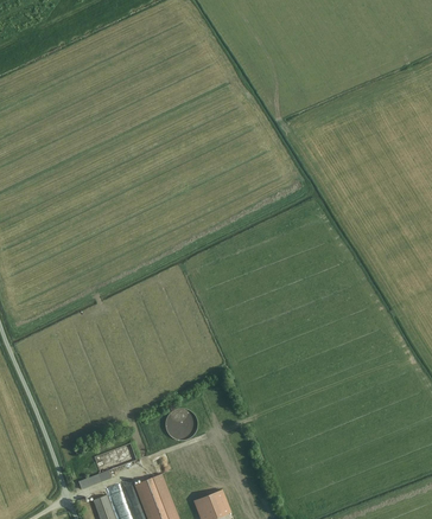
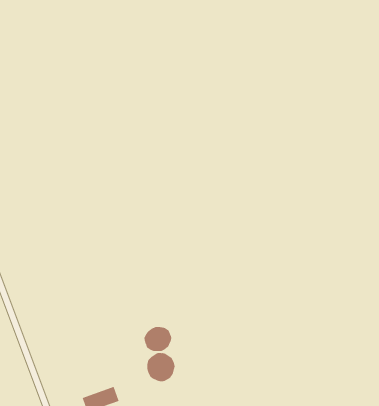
building: none -> [144,326,172,352]

